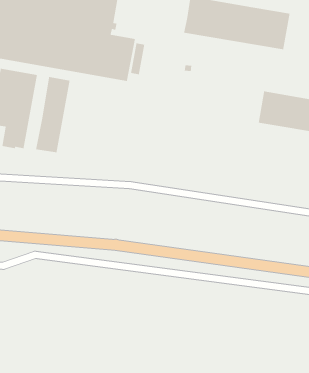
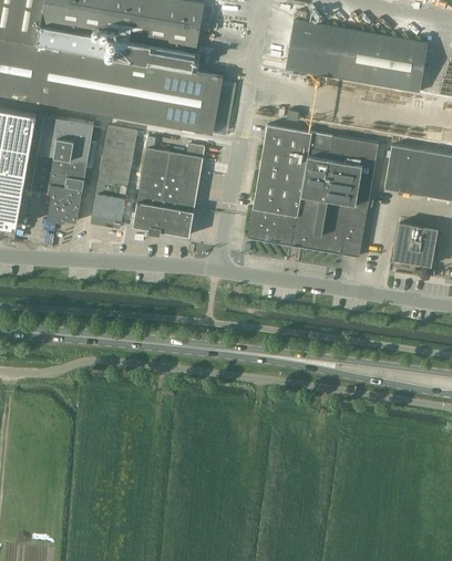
building: none -> [246,123,378,256]
building: none -> [132,136,203,235]
building: none -> [394,221,435,264]

